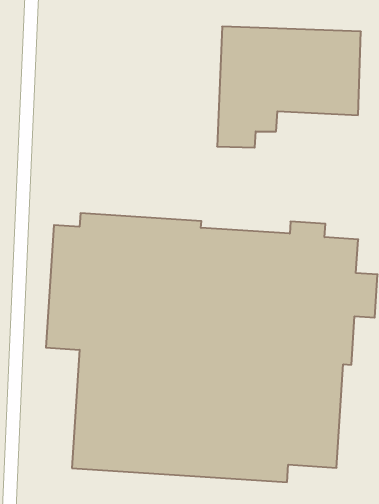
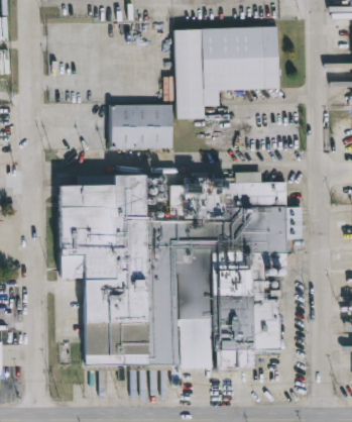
building: none -> [111,105,173,148]

